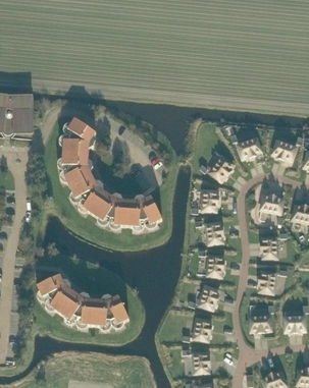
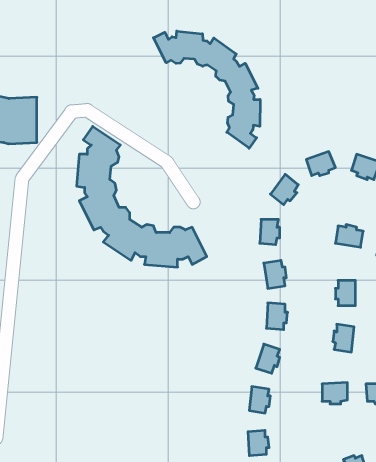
building: none -> [153,31,260,148]
building: [37,273,128,325] -> none

